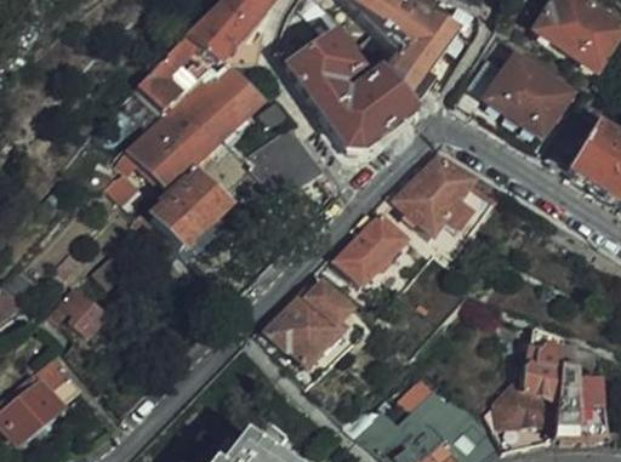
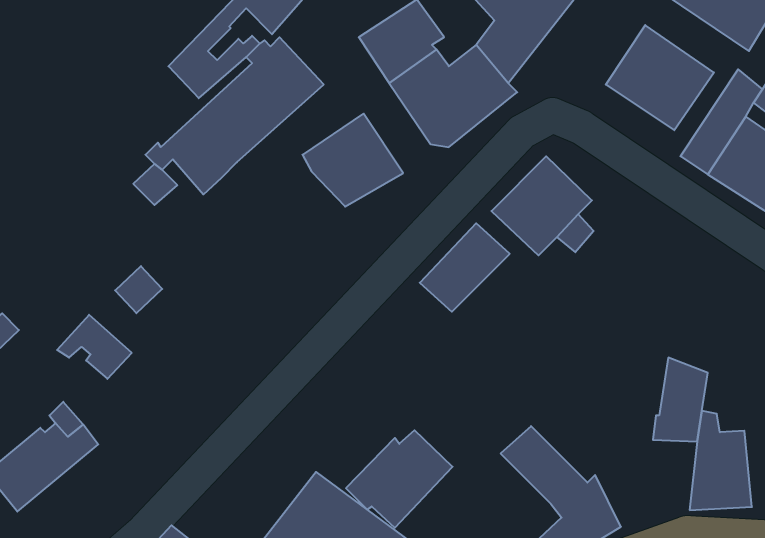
building: [132,162,229,247] -> none
building: [268,285,353,363] -> [346,430,453,528]
building: [486,383,559,450] -> none

